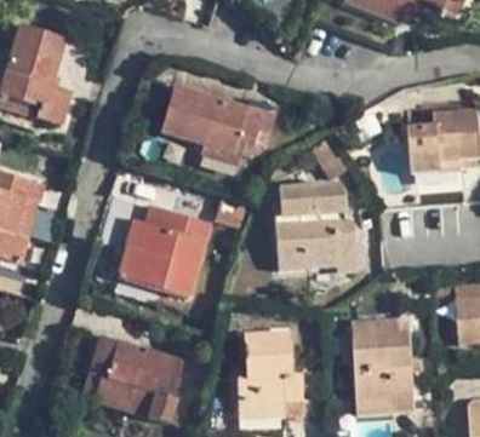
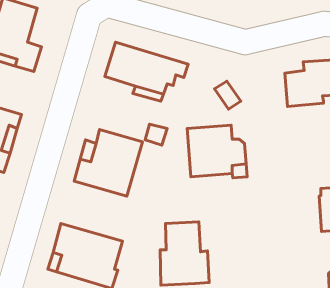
building: [352,321,415,414] -> none

